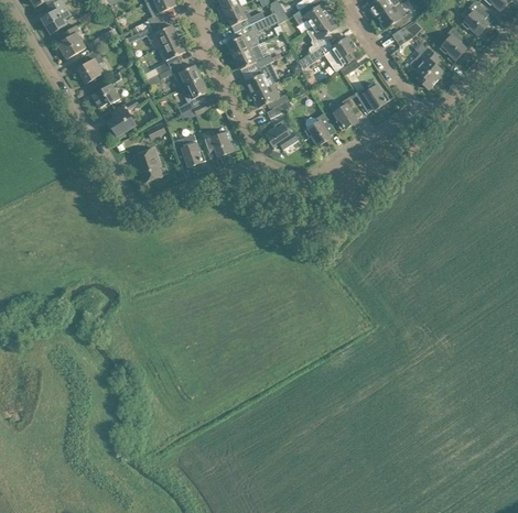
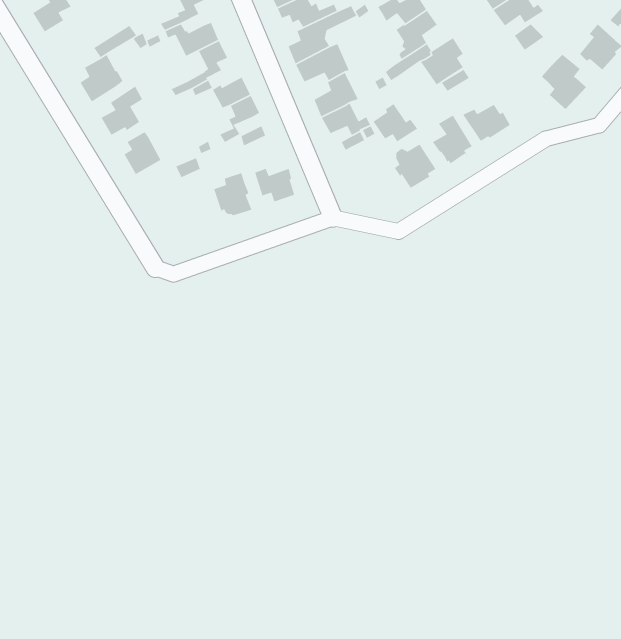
building: [58,25,86,59] -> none
building: [266,121,299,150] -> [373,103,418,143]
building: [133,149,162,182] -> none

